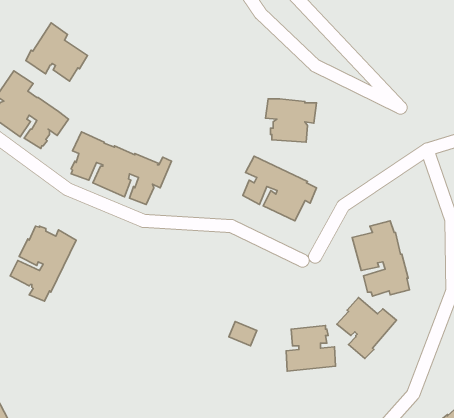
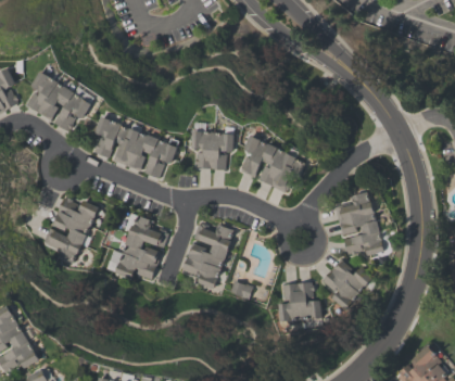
building: [26,23,88,81] -> none
building: [265,99,316,142] -> [191,132,235,169]
building: none -> [115,215,168,278]
building: none -> [182,223,235,288]

